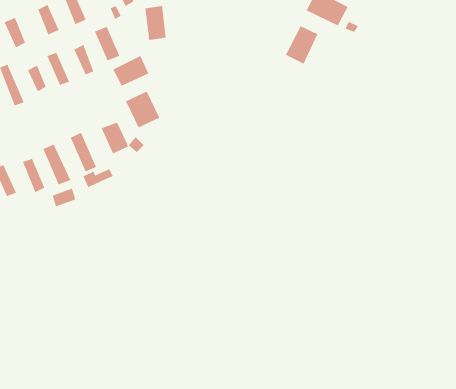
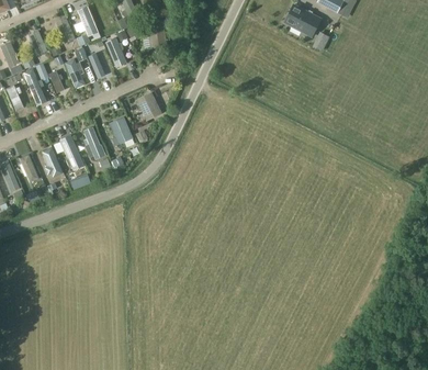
building: [285,26,318,64] -> none
building: [113,55,149,86] -> none

